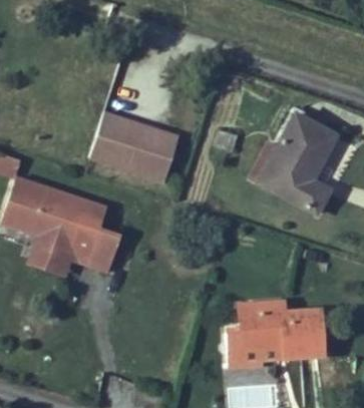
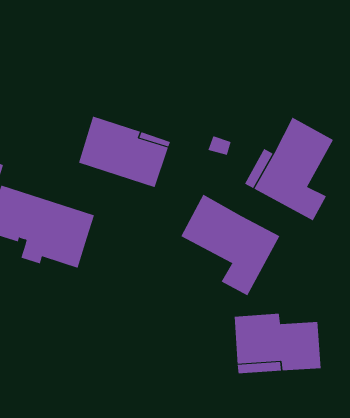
building: none -> [181,194,280,296]
building: [31,230,120,275] -> none

